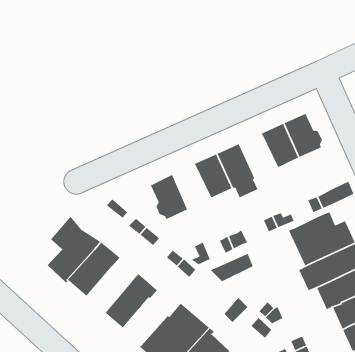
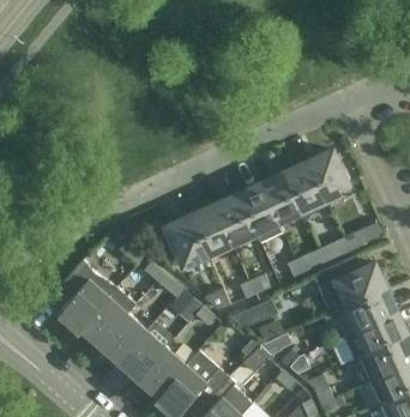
building: none -> [260,173,301,220]
building: none -> [189,205,230,254]
building: none -> [98,314,145,363]
building: none -> [137,348,185,398]

